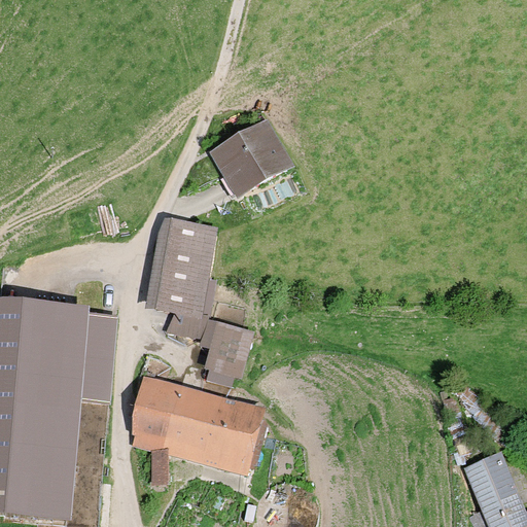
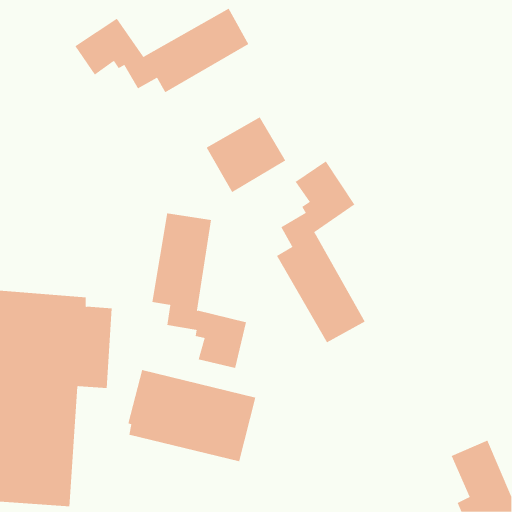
building: none -> [74,8,249,93]
building: none -> [276,160,365,343]

